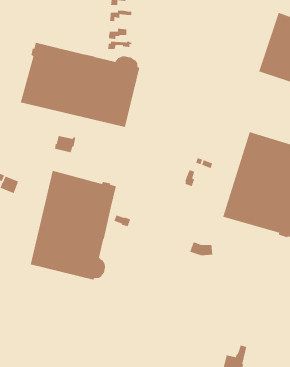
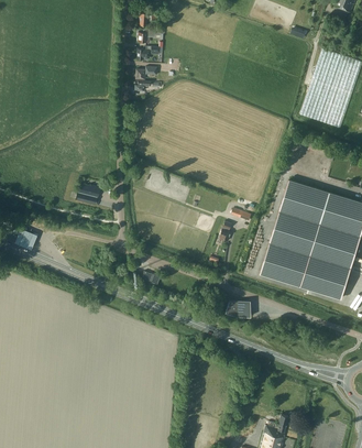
building: [20,42,140,128] -> none
building: [30,170,117,281] -> none

